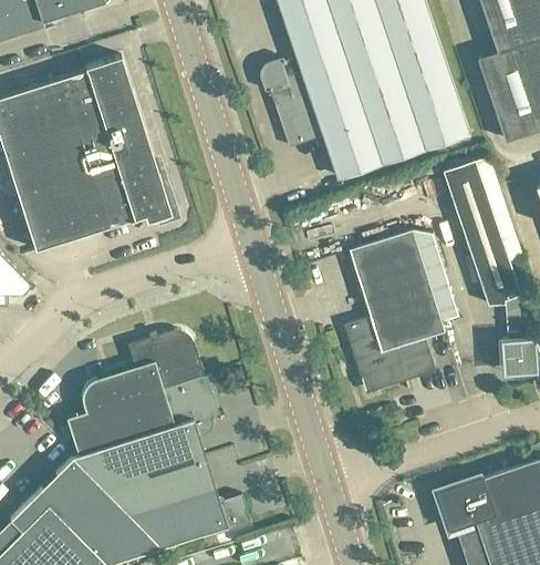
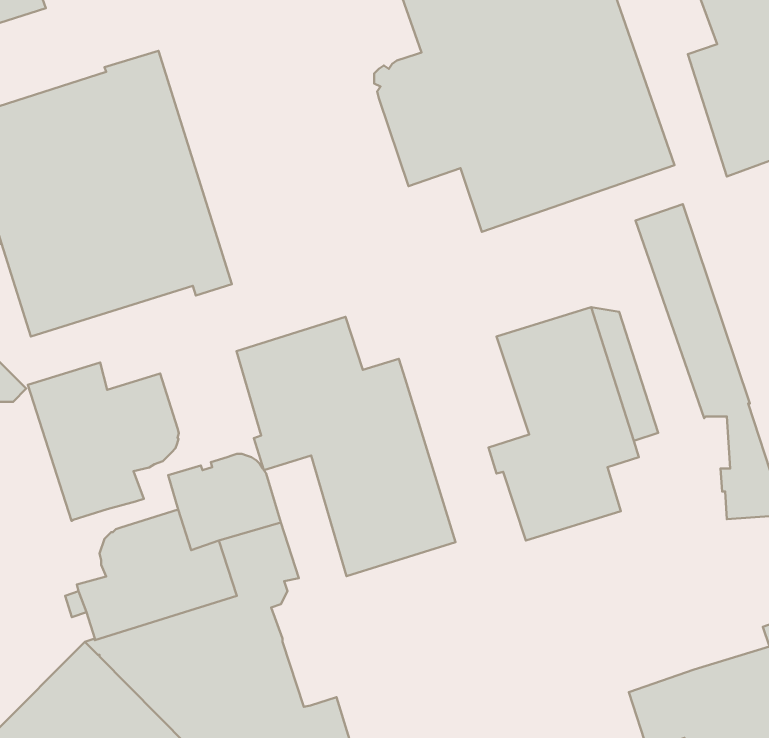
building: none -> [236,317,455,576]
building: none -> [28,362,179,521]

